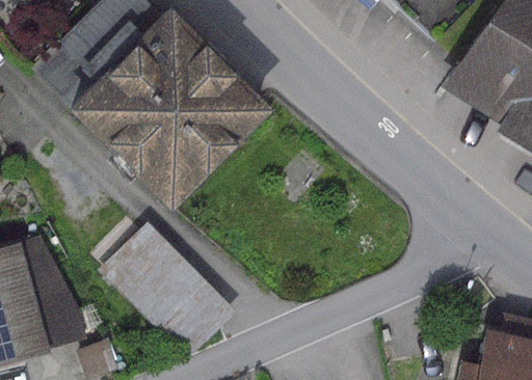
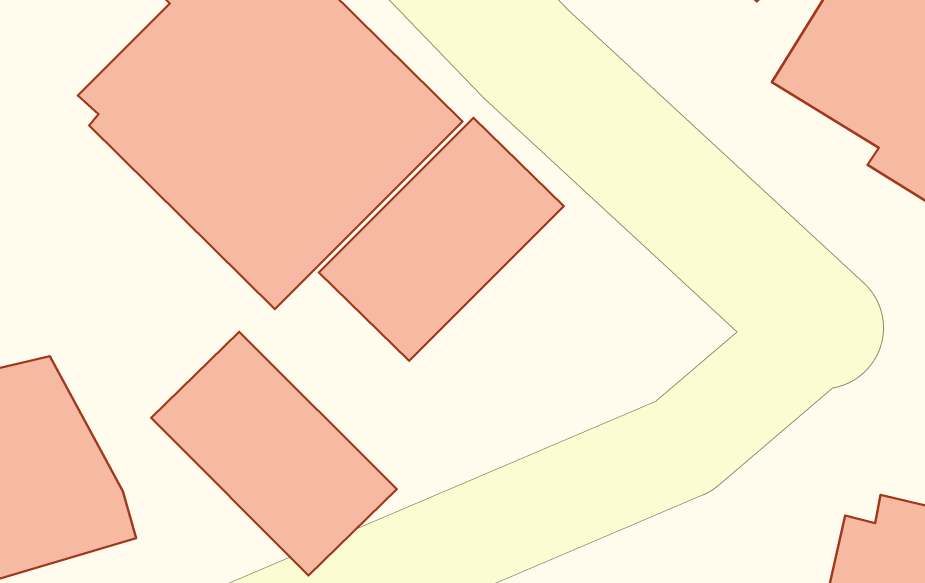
building: none -> [319,118,564,361]

